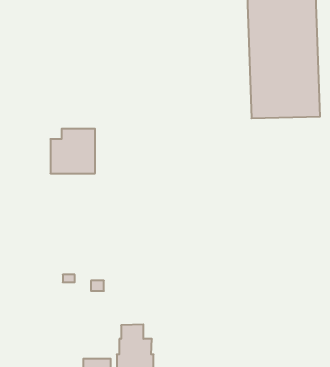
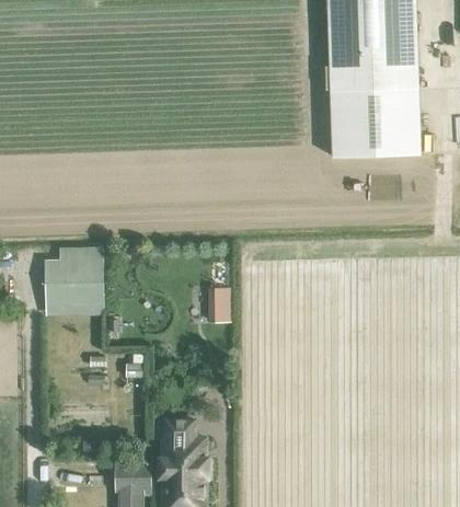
building: [50,129,95,173] -> [47,249,104,306]
building: none -> [210,287,230,321]

